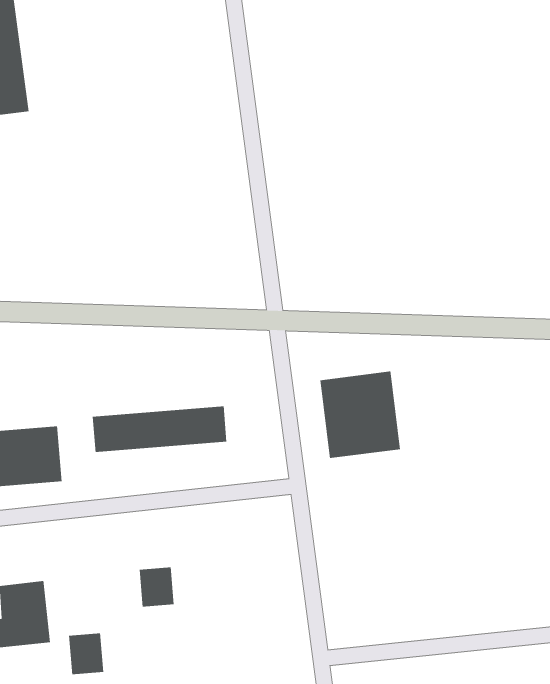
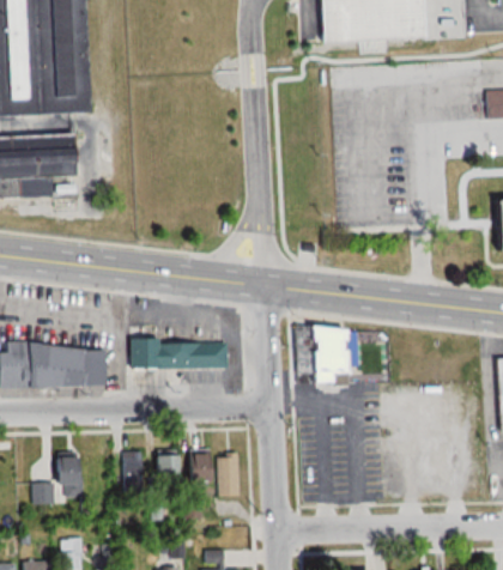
building: none -> [218,454,238,495]
building: none -> [186,454,211,483]
building: [68,633,104,675] -> [122,453,146,481]

